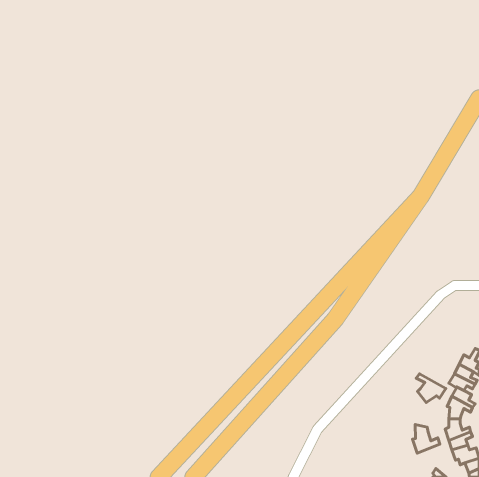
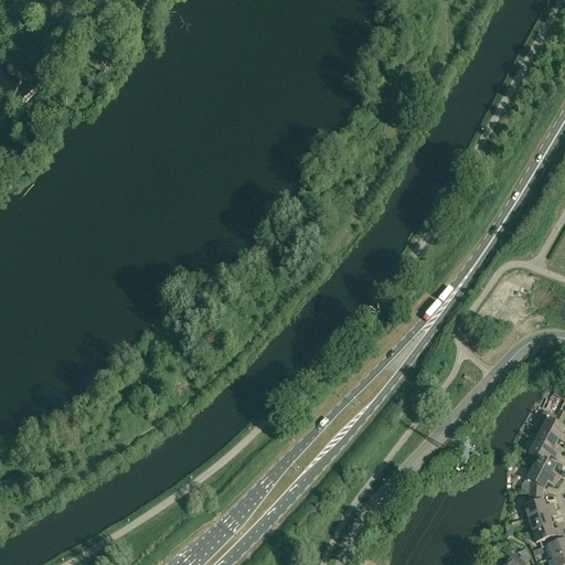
building: [416,374,446,402] -> none
building: [413,424,440,453] -> none

